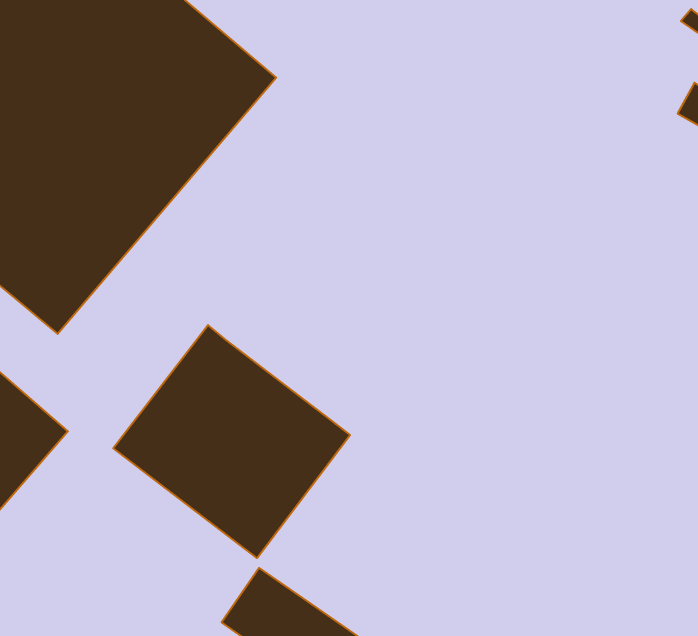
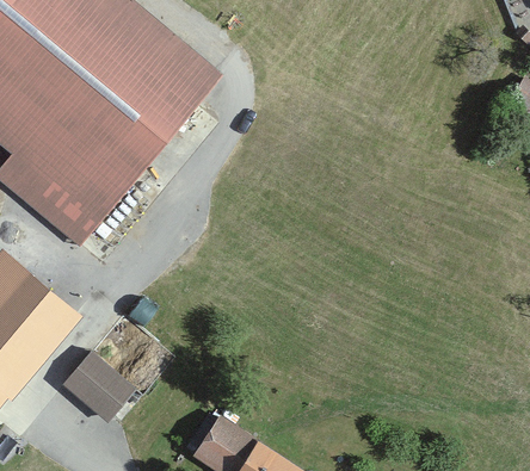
building: [113,325,350,558] -> none
building: none -> [62,351,132,419]

